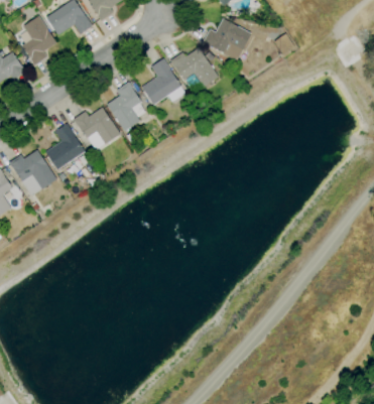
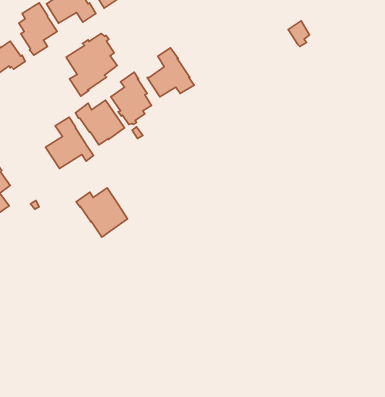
building: [203,18,251,61] -> none
building: none -> [66,33,117,96]
building: [170,47,219,93] -> none
building: [8,150,56,196] -> [76,188,127,237]

